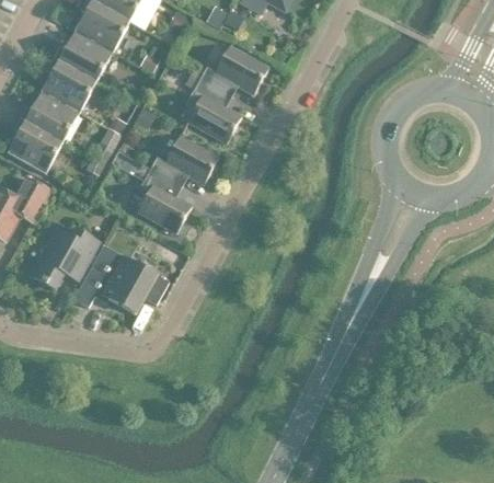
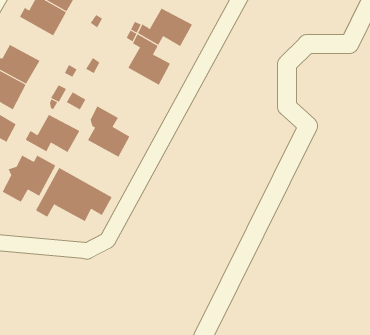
building: [41,57,95,112] -> none
building: [149,136,218,184] -> [25,114,80,153]

